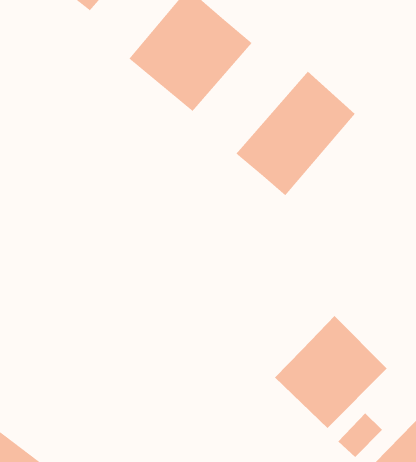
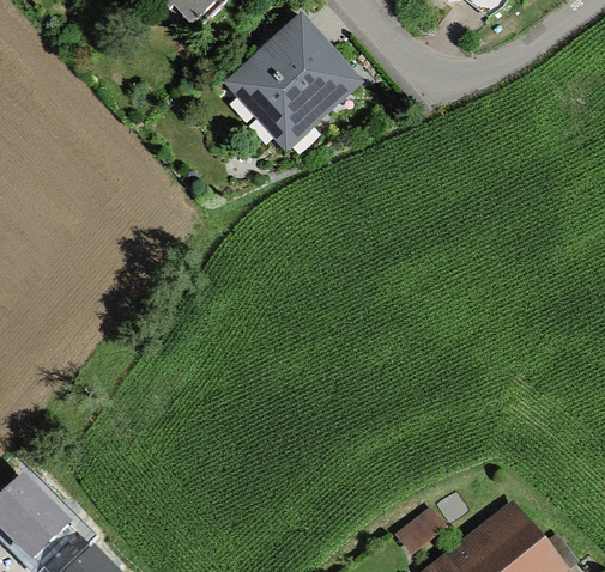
building: [236,71,355,196] -> none
building: [274,315,388,429] -> none

